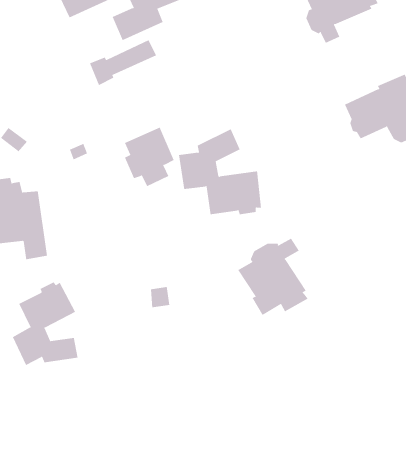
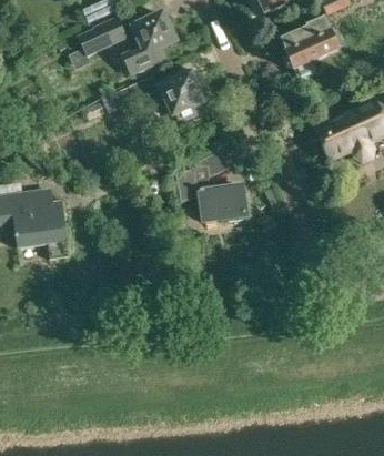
building: [124,127,175,187] -> [160,72,202,122]
building: [238,238,309,316] -> none
building: [12,281,78,366] -> none

